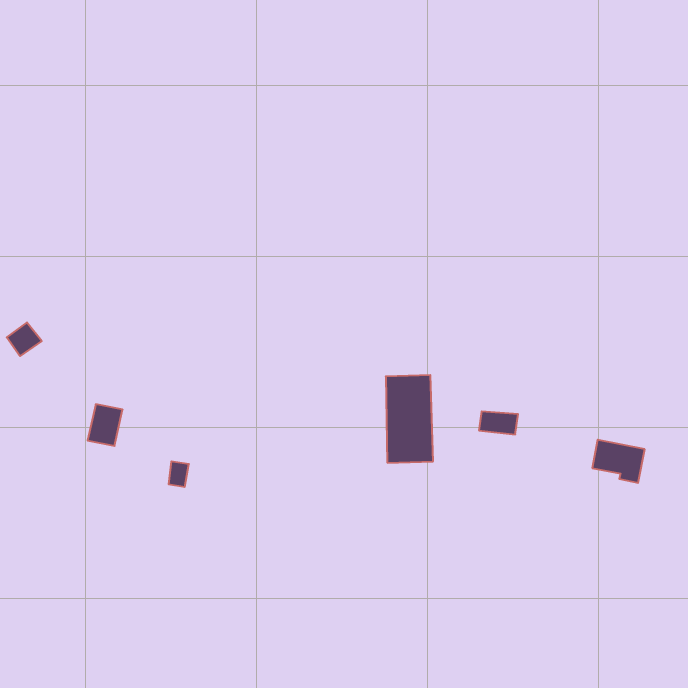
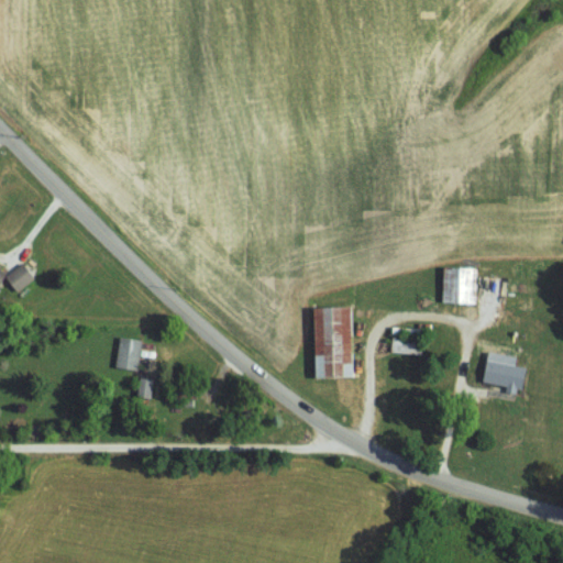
building: none -> [442,268,474,302]
building: [88,404,123,446] -> [114,336,143,371]

